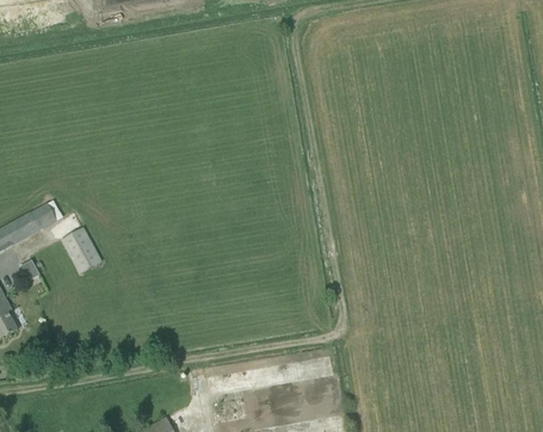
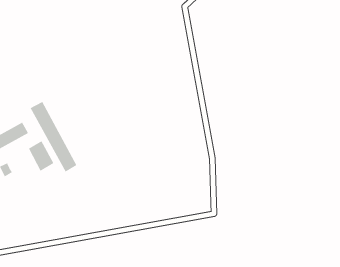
building: none -> [30,101,77,173]

